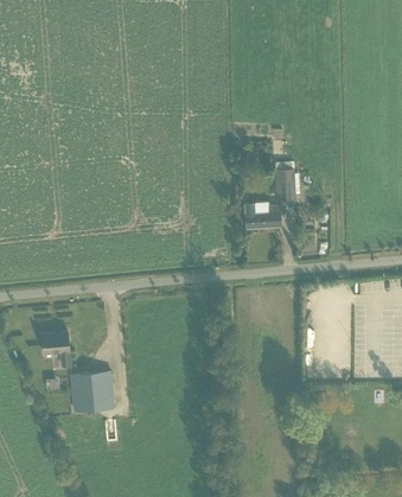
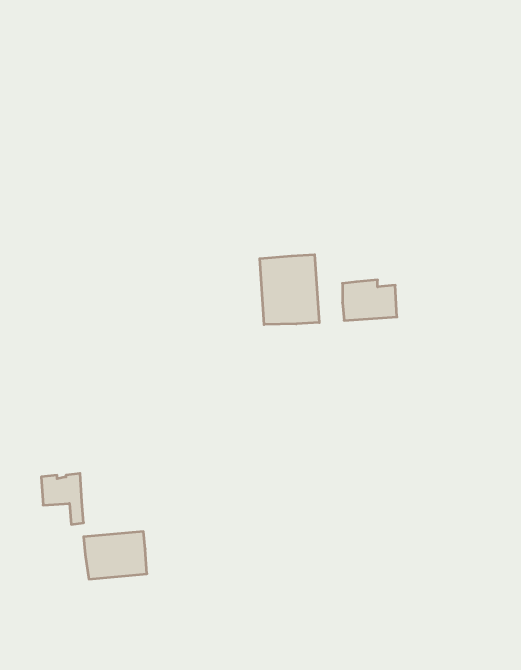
building: [275,163,295,202] -> none
building: none -> [260,255,319,325]

